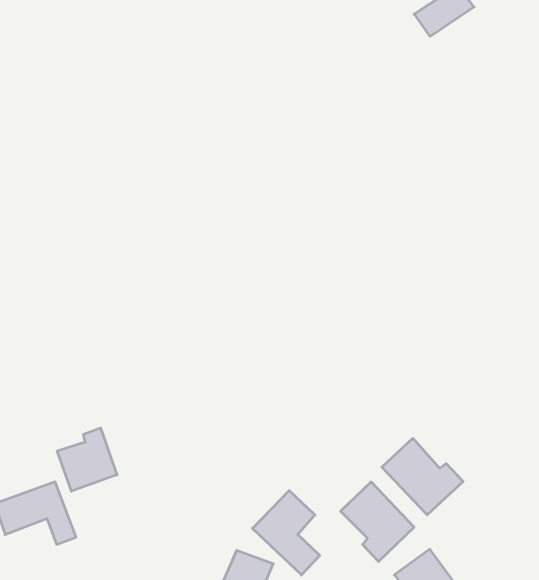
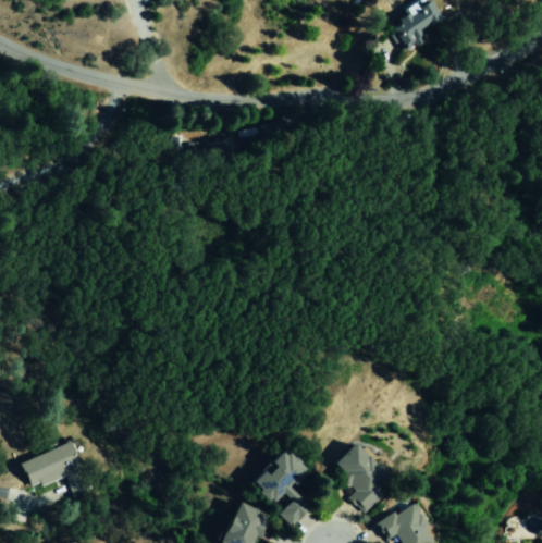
building: [57,428,117,491] -> none
building: [382,438,463,515] -> none

